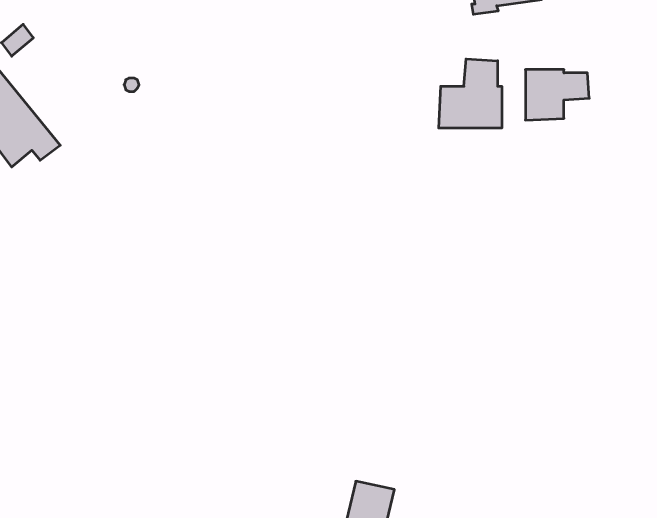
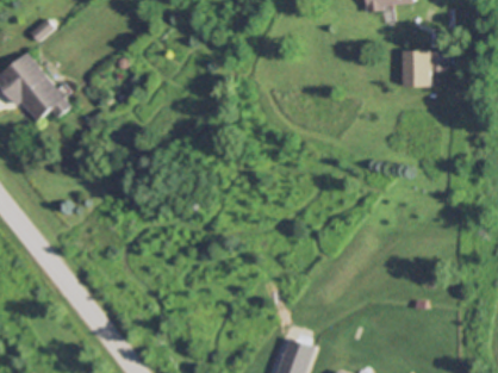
building: [439,59,502,128] -> none

